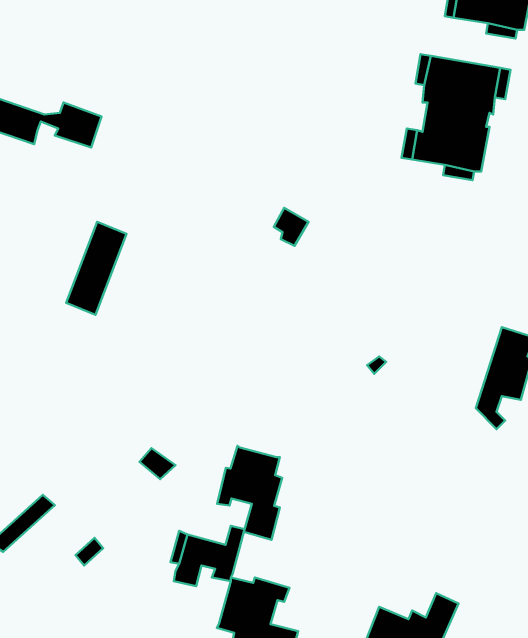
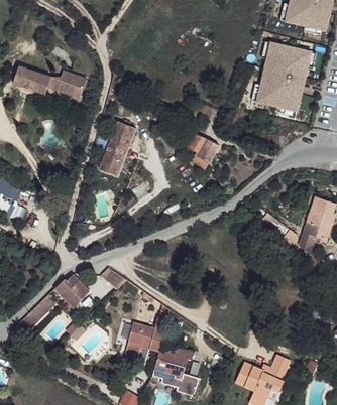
building: [66,222,126,315] -> [99,123,134,177]
building: none -> [192,138,215,170]
building: [217,446,282,540] -> none
building: none -> [55,277,89,308]

